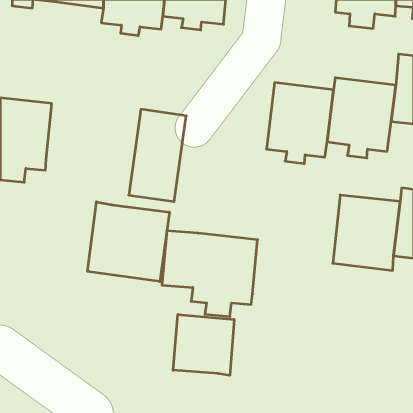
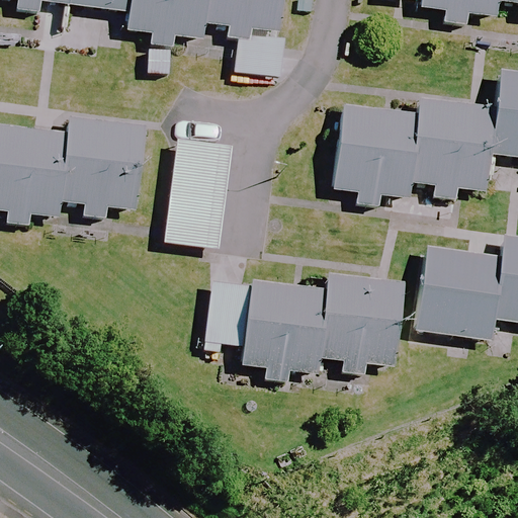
building: none -> [59,115,146,220]
building: [88,202,169,282] -> none
building: none -> [317,282,403,387]
building: [173,314,234,375] -> none

